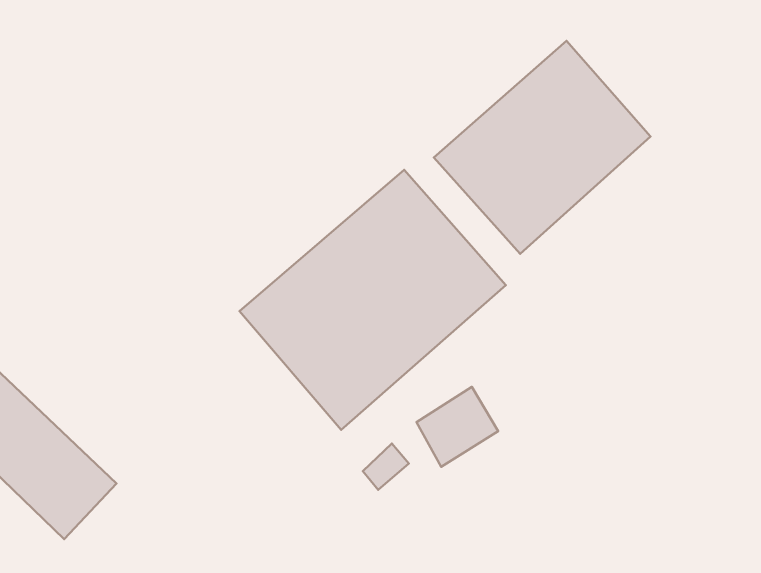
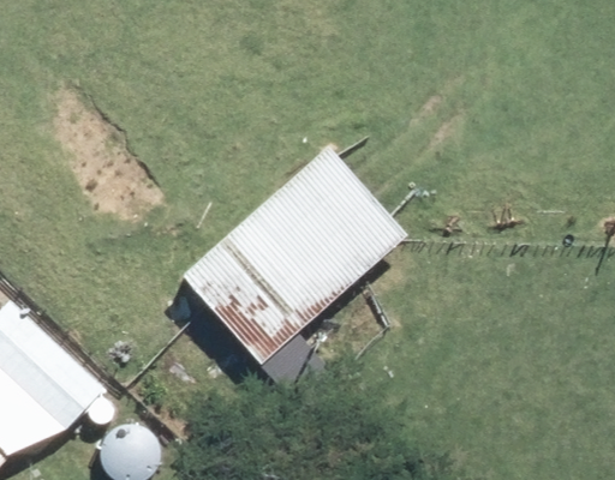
building: [434,41,650,254] -> none

